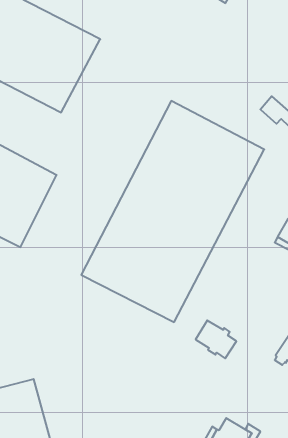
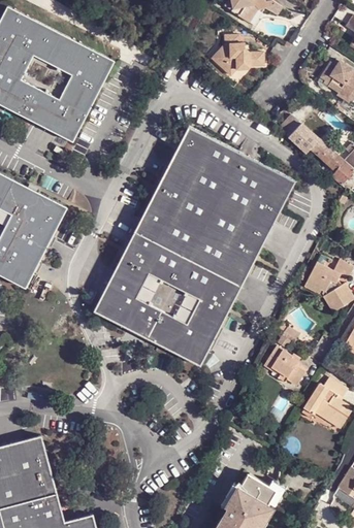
building: none -> [216,35,263,74]
building: [196,320,236,358] -> [264,342,309,384]

